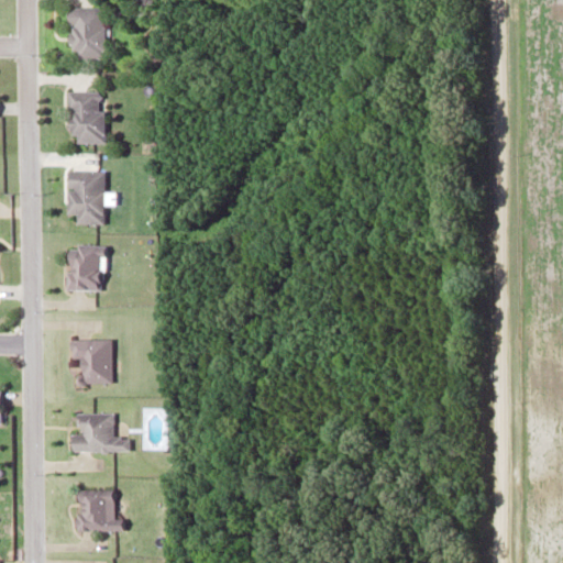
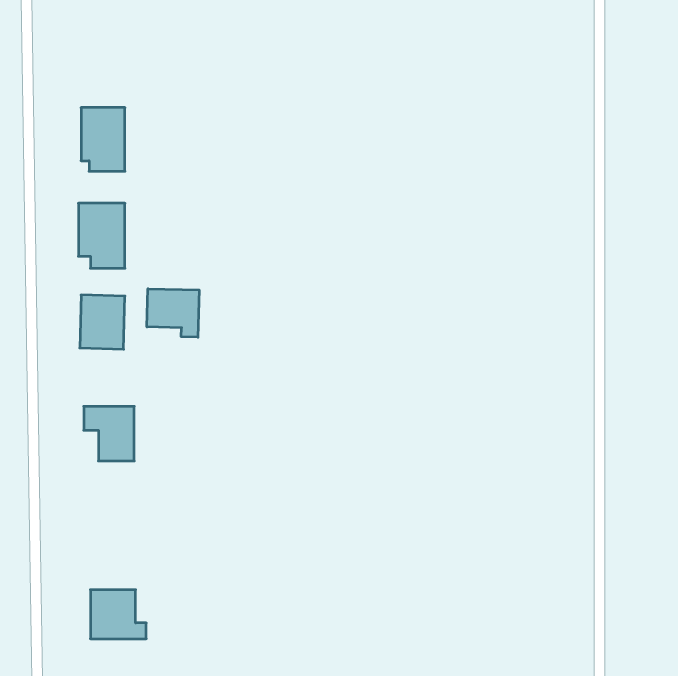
building: [68,8,106,59] -> none
building: none -> [147,289,199,337]
building: [71,412,130,452] -> none

